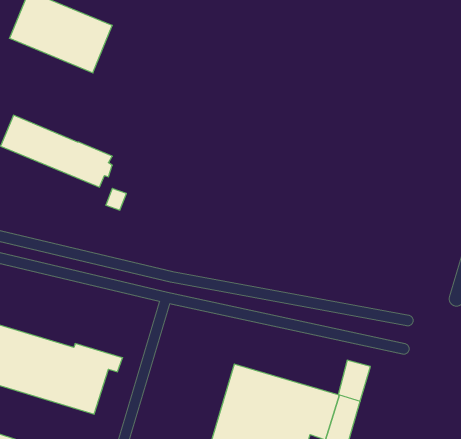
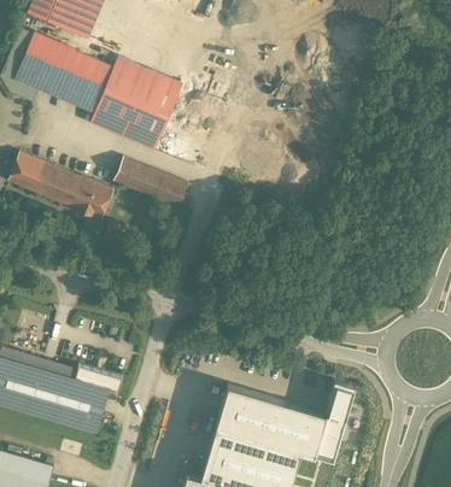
building: none -> [90,57,181,149]
building: none -> [115,158,187,207]

